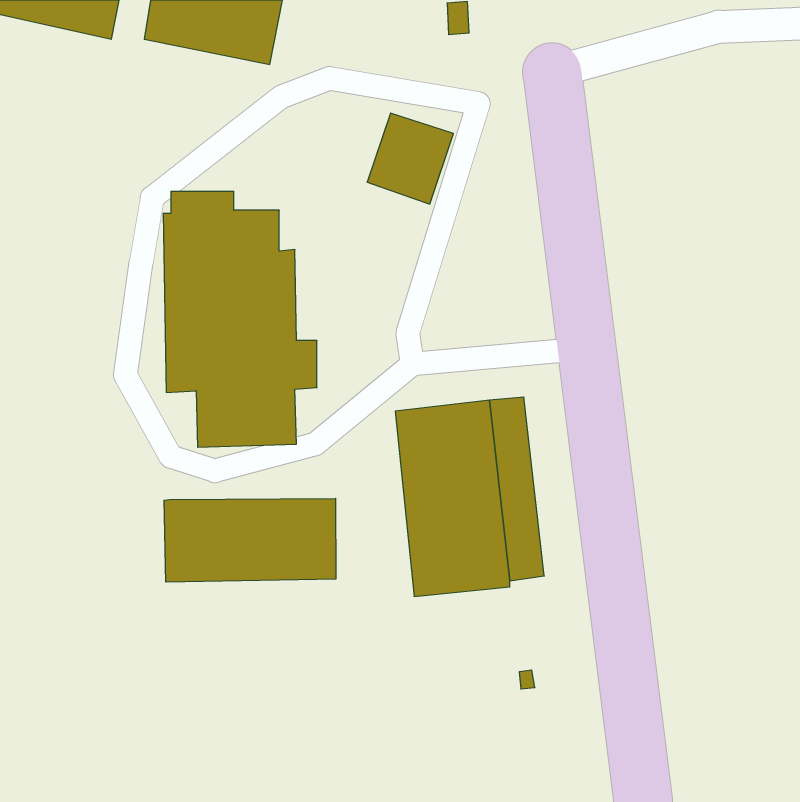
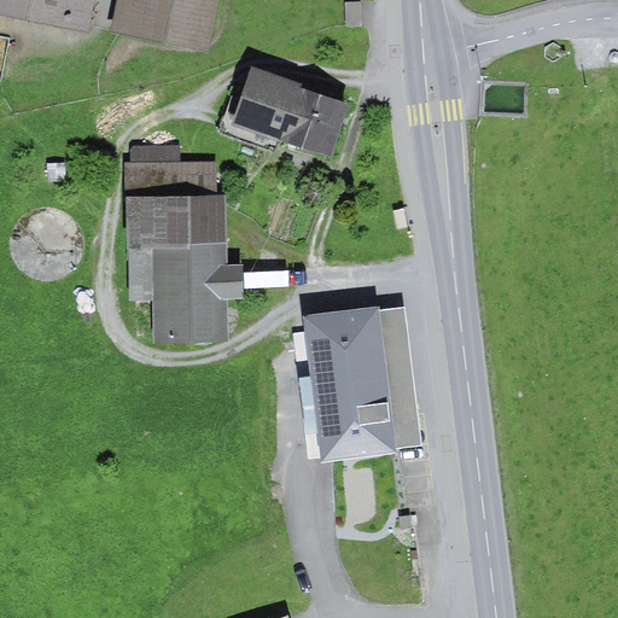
building: none -> [216,65,303,153]
building: [164,498,336,582] -> none

